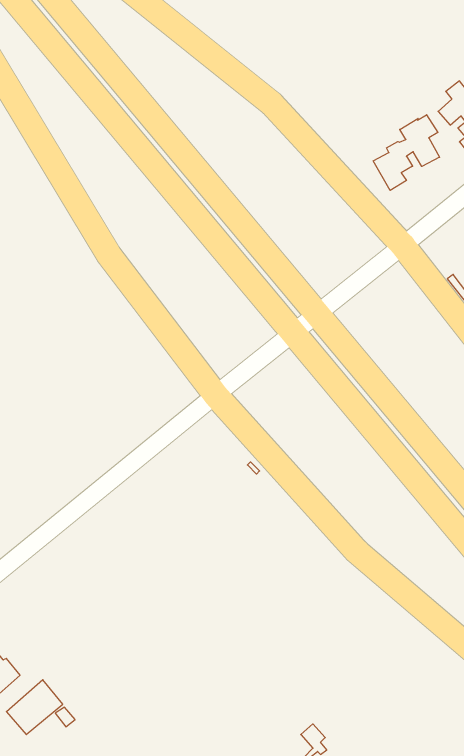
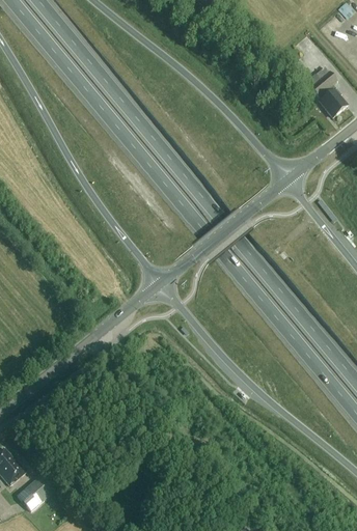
building: [373,115,440,190] -> none

